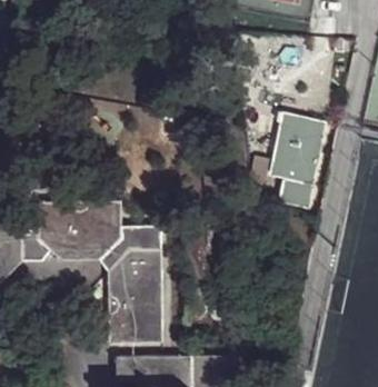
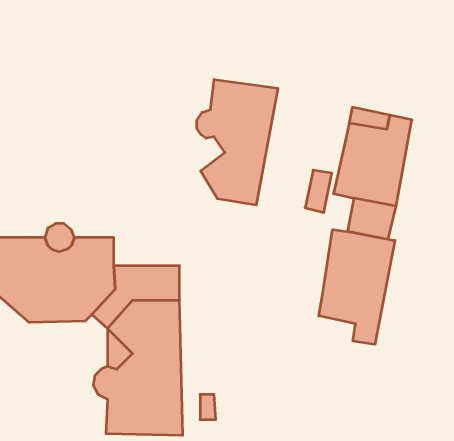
building: none -> [197,79,278,205]
building: none -> [319,230,395,344]

